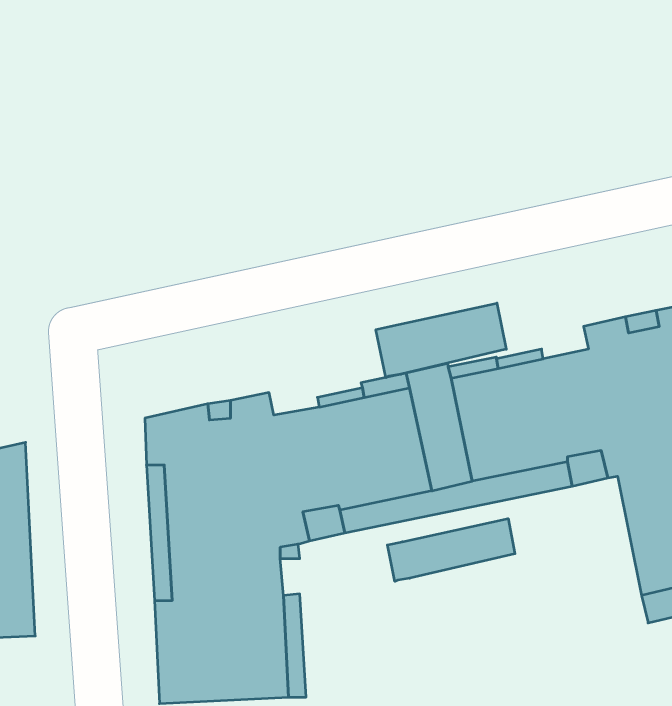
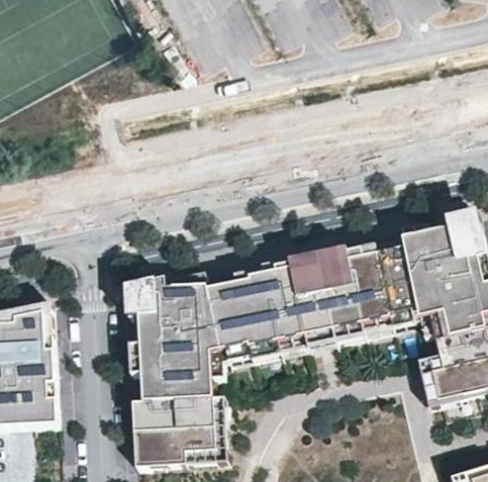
building: [376,303,506,378] -> none
building: [387,519,515,581] -> none

